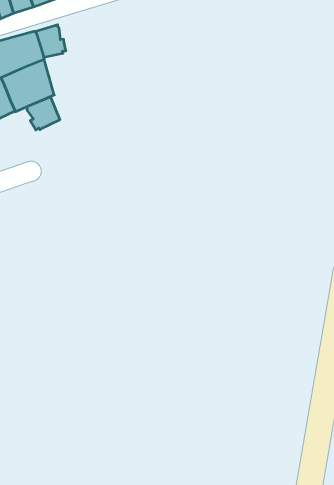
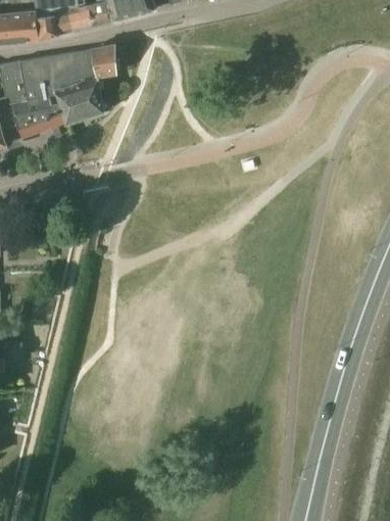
building: [26,97,60,130] -> none

